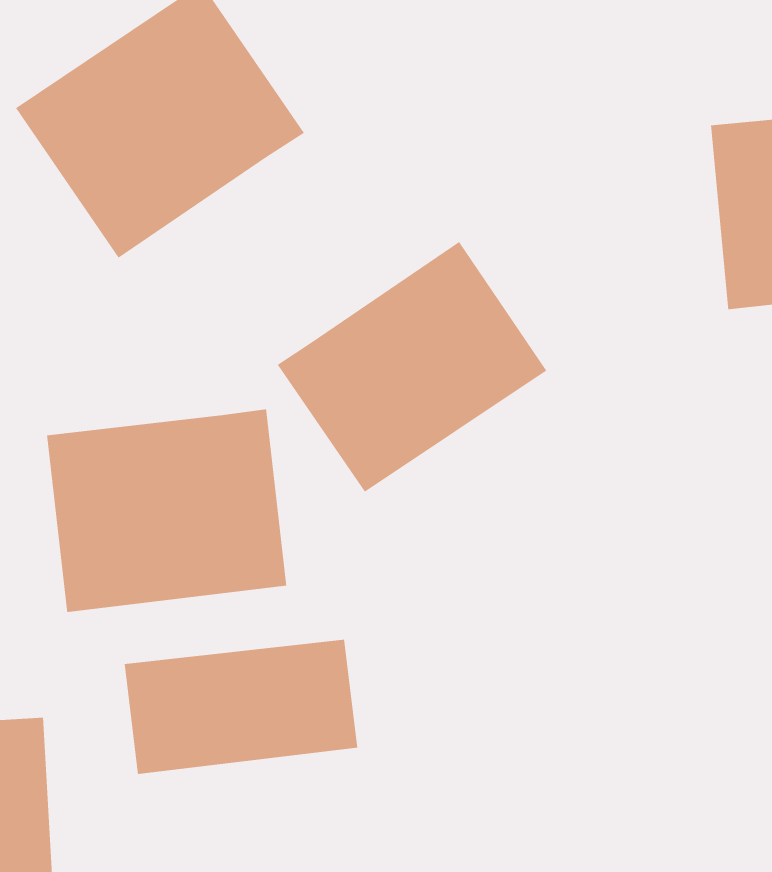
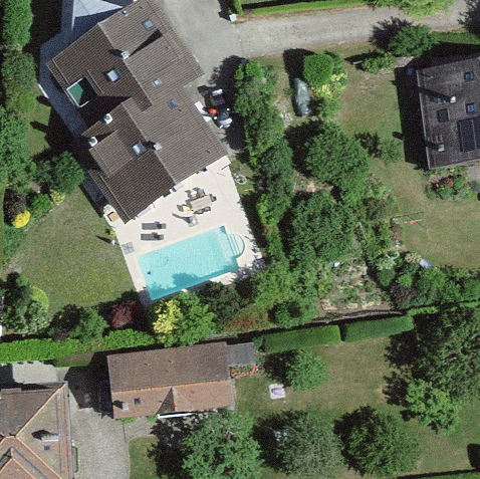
building: [277,241,547,492] -> [85,88,228,221]
building: [47,408,287,613] -> none

